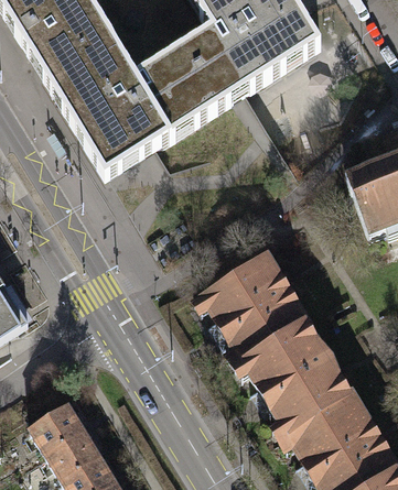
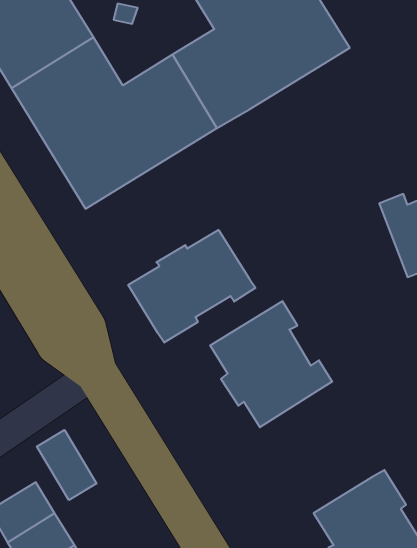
building: none -> [128,230,255,343]
building: [243,326,341,431] -> none
building: none -> [37,430,97,500]

